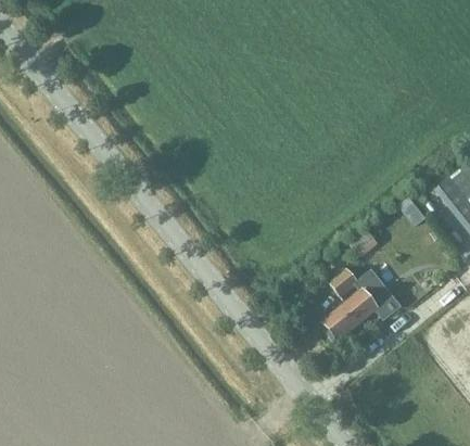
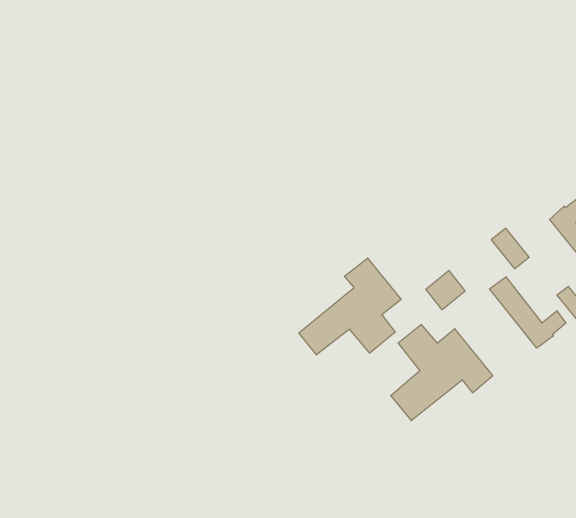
building: none -> [299,258,401,355]
building: none -> [489,277,566,348]

